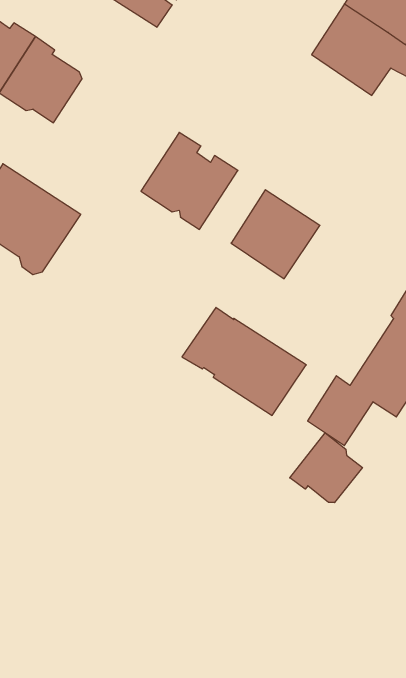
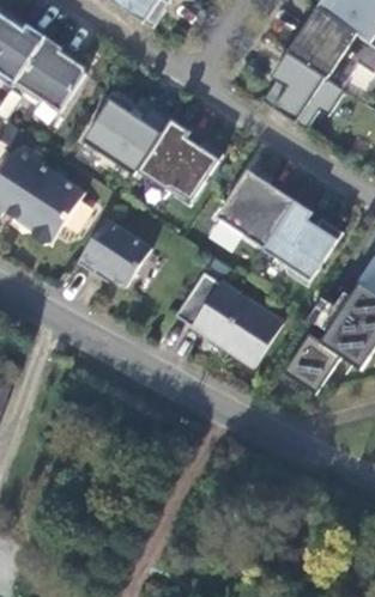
building: none -> [261,50,344,128]
building: none -> [81,93,170,175]
building: none -> [262,200,341,285]
building: none -> [75,217,151,286]
building: [290,433,362,503] -> none

